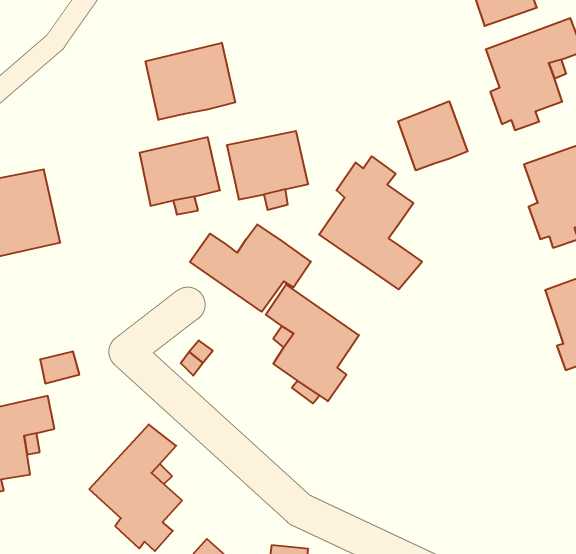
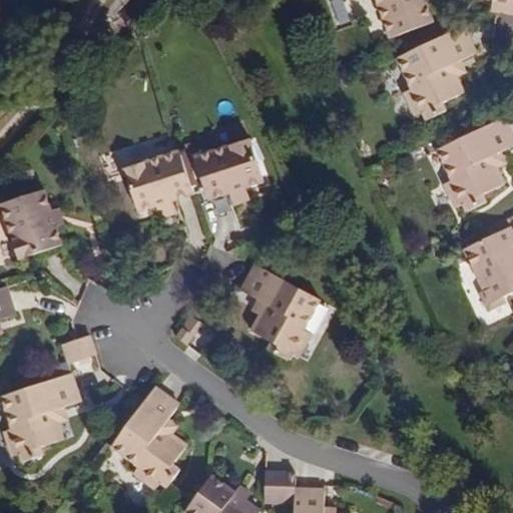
building: [146,43,235,120] -> none
building: [398,101,468,170] -> none
building: [319,156,422,289] -> none
building: [190,224,311,312] -> none

